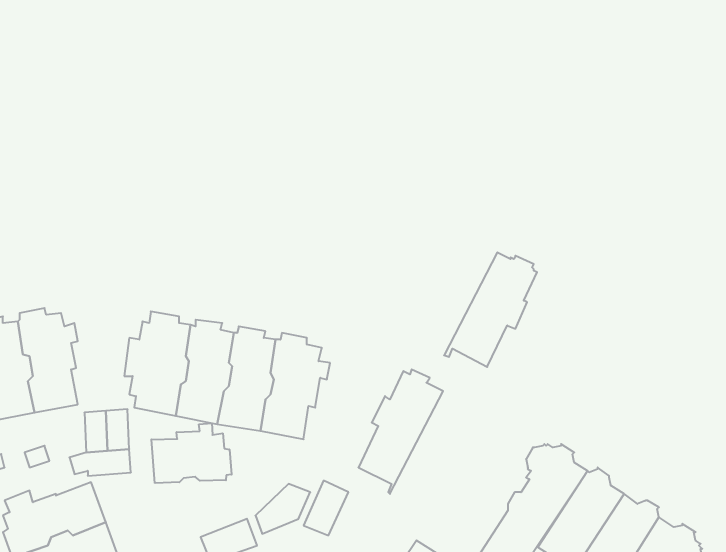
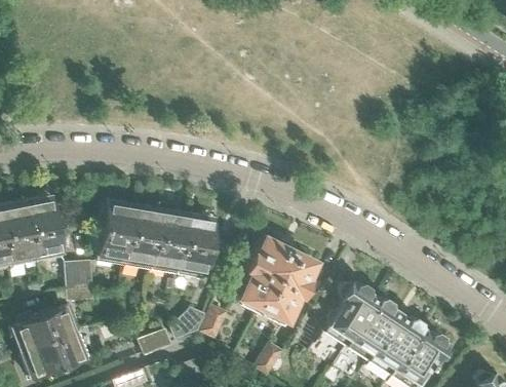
building: [444,252,537,367] -> [257,249,314,320]
building: [151,423,232,483] -> none

